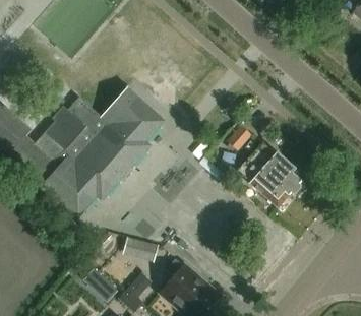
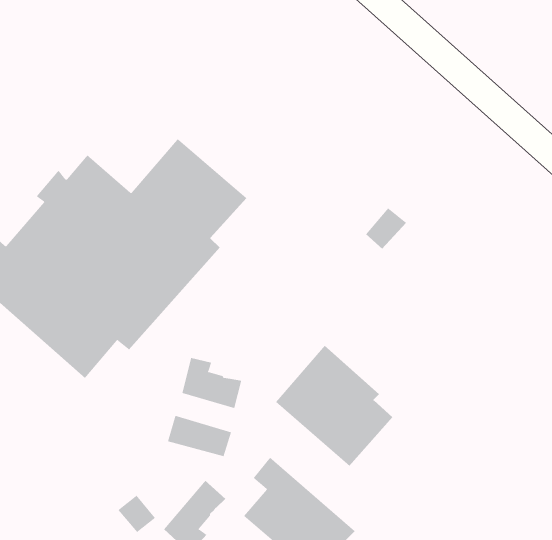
building: [237,139,300,204] -> [275,345,393,467]
building: none -> [182,357,242,409]

